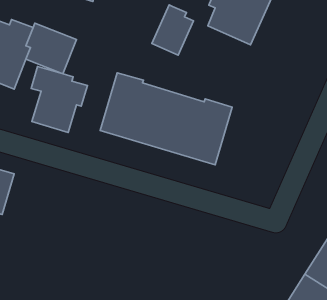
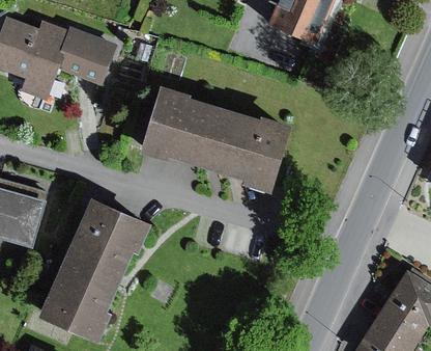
building: [152,5,193,55] -> none
building: [31,66,87,132] -> none
building: none -> [39,194,153,341]

